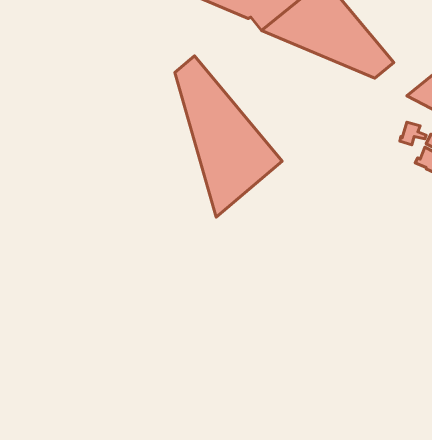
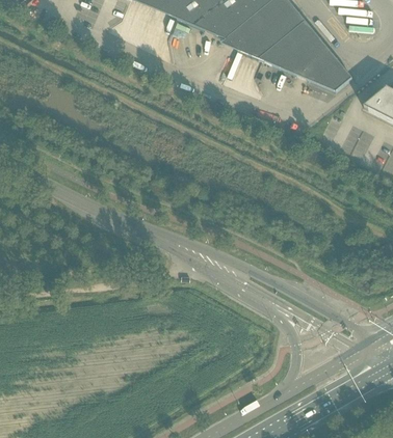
building: [175,56,282,217] -> none

